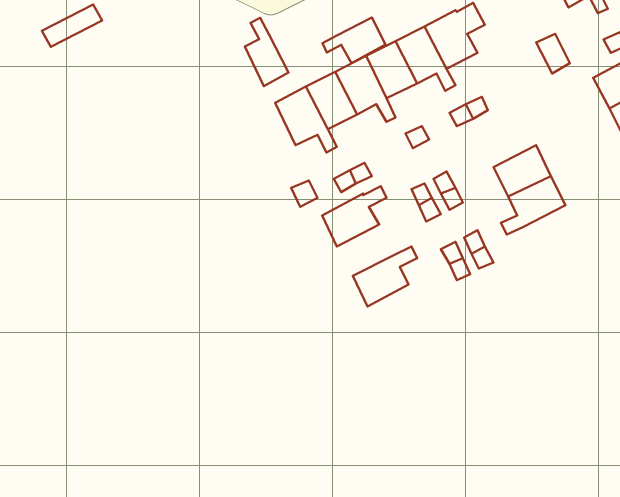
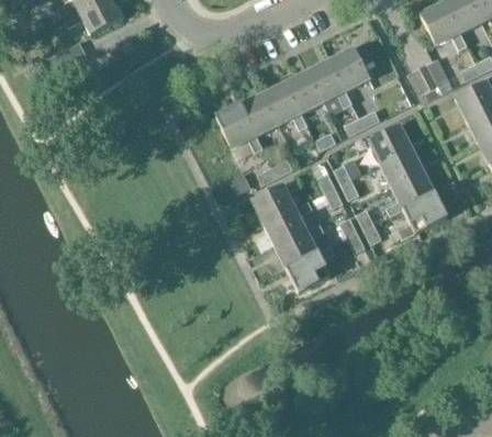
building: [322,17,386,63] -> none
building: [245,18,289,86] -> none
building: none -> [368,124,412,164]
building: none -> [396,192,446,238]
building: none -> [262,200,311,245]
building: none -> [286,245,334,291]

